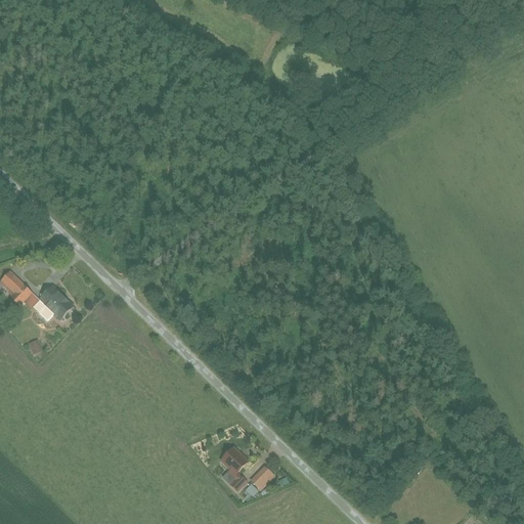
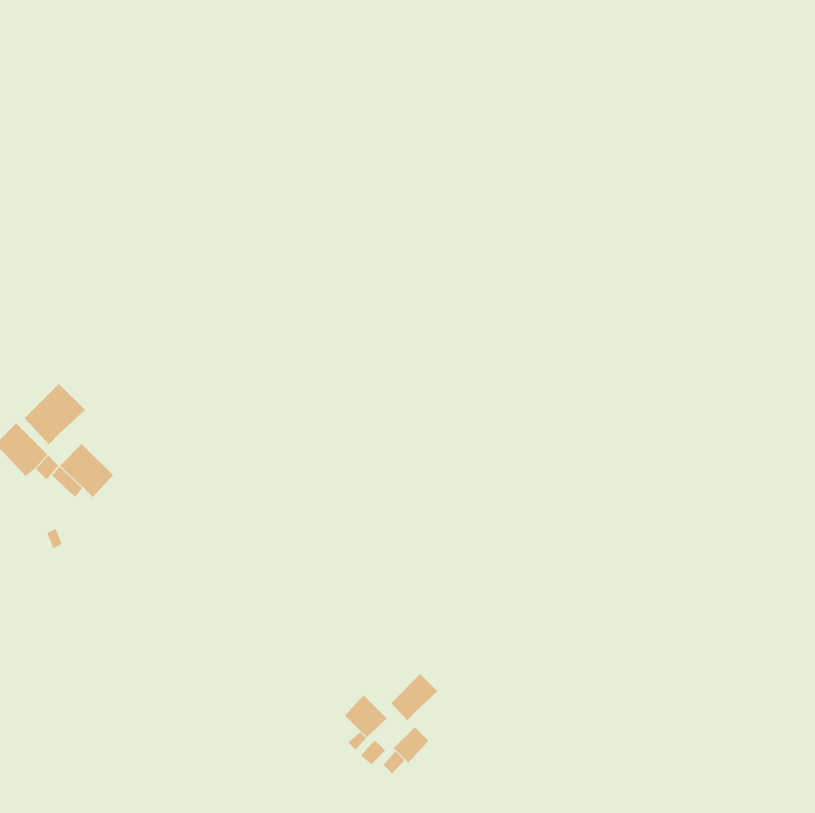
building: none -> [24,383,86,445]
building: none -> [390,673,438,721]

